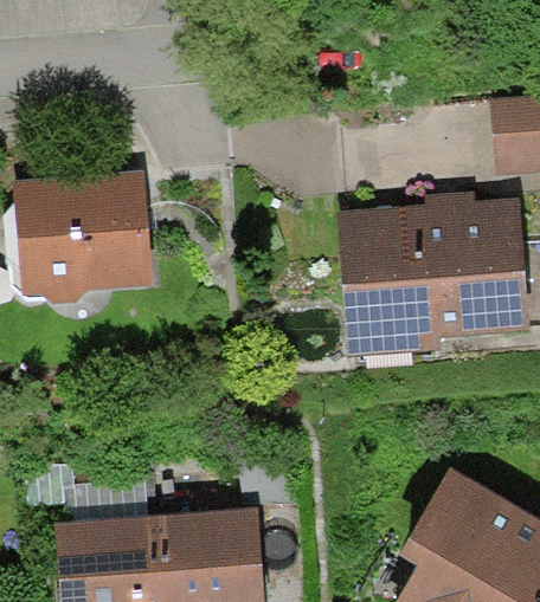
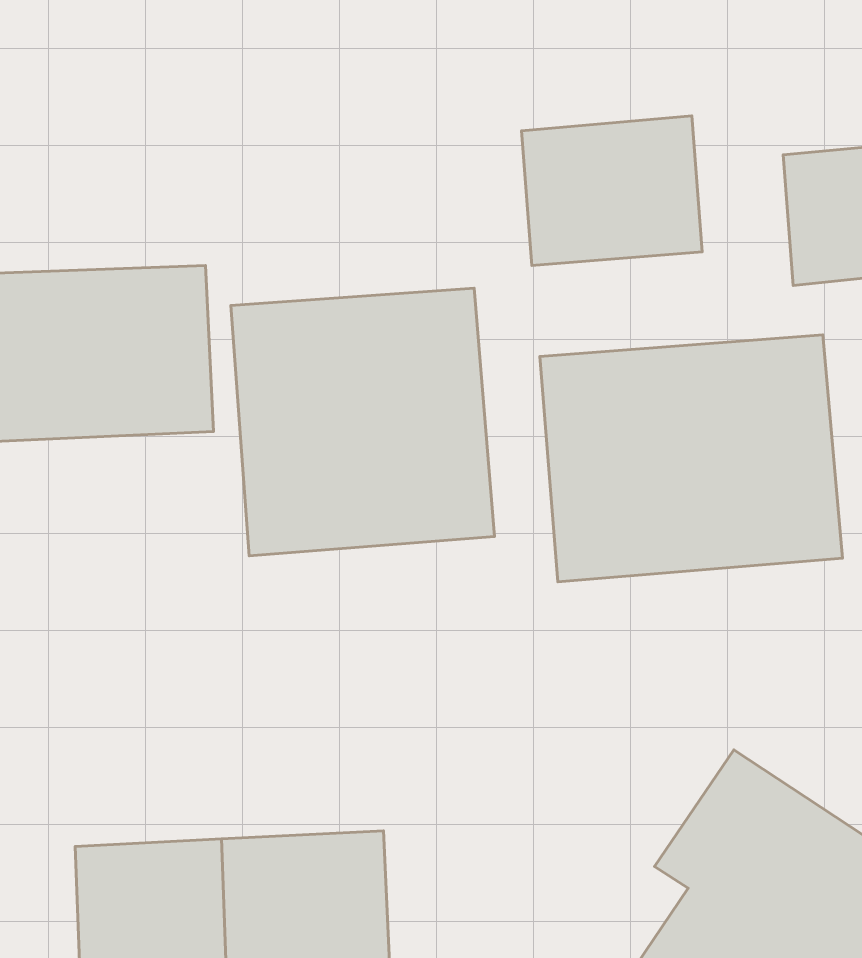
building: none -> [521,116,702,265]
building: none -> [231,288,494,556]

